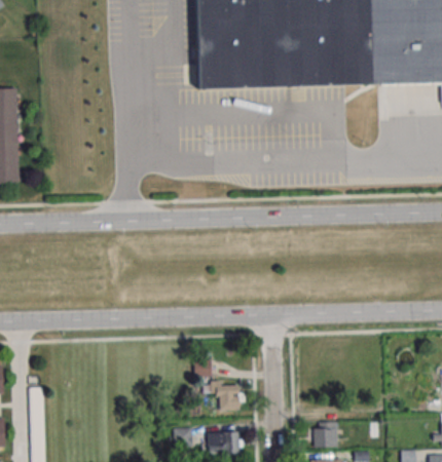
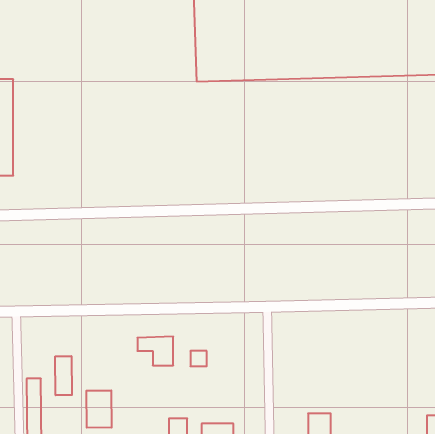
building: none -> [55,356,72,395]
building: [204,381,240,410] -> [137,337,173,365]
building: none -> [86,390,112,428]

